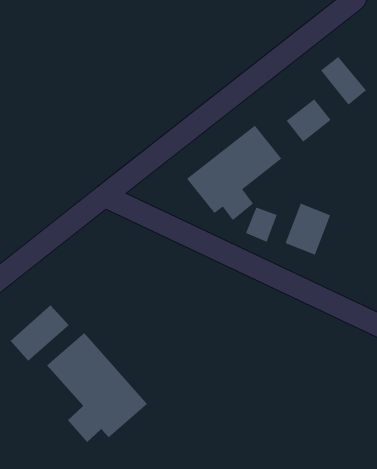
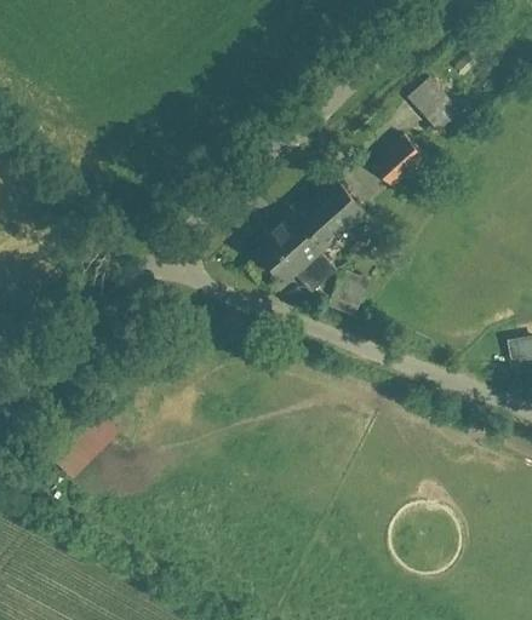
building: [285,203,331,255] -> none
building: [46,332,148,443] -> none

